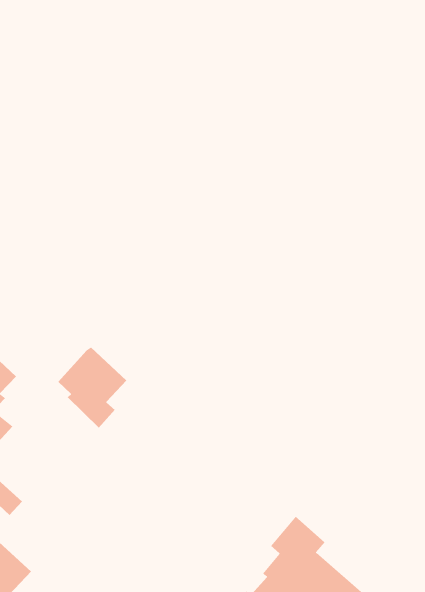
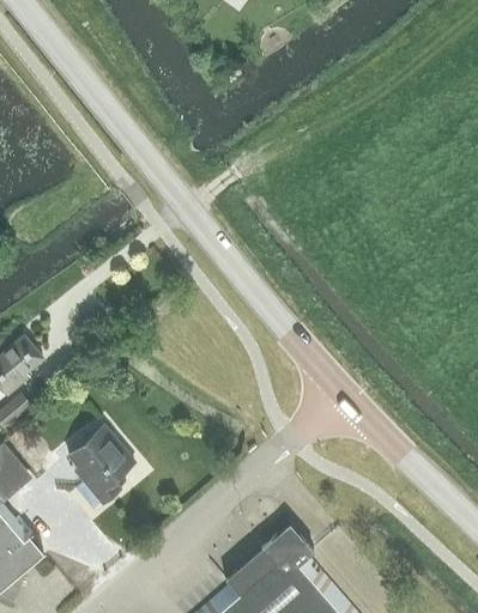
building: [57,347,127,428] -> [68,427,134,505]

